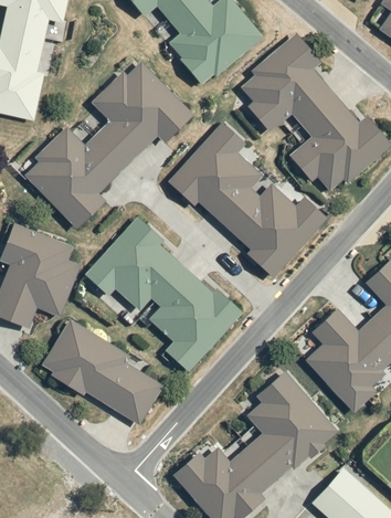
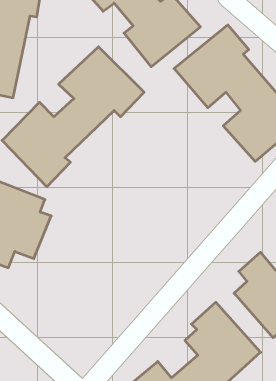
building: [170,121,328,274] -> none
building: [85,216,244,374] -> none
building: [41,319,161,425] -> none

